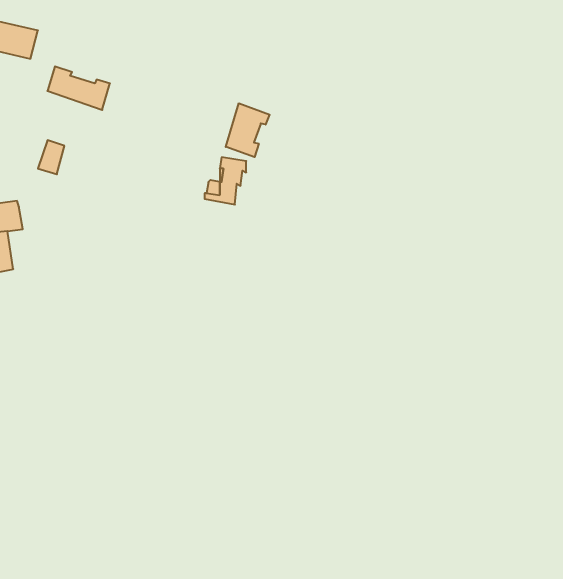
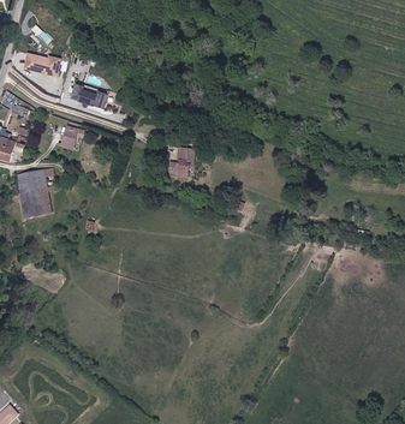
building: [226,103,270,157] -> none

